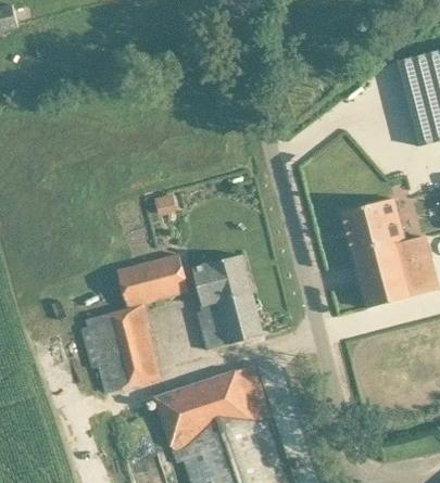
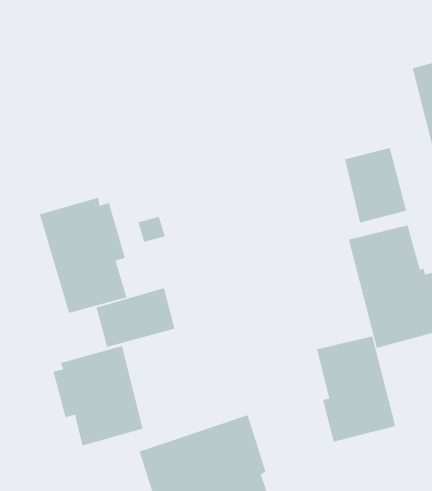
building: none -> [344,147,407,224]
building: none -> [39,197,128,314]
building: [191,255,262,349] -> [316,335,396,443]

